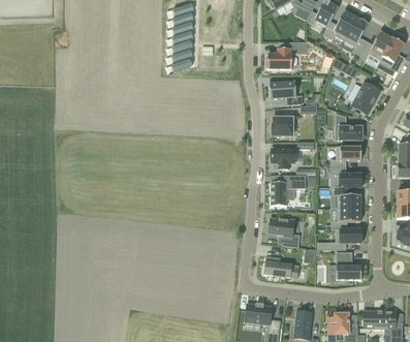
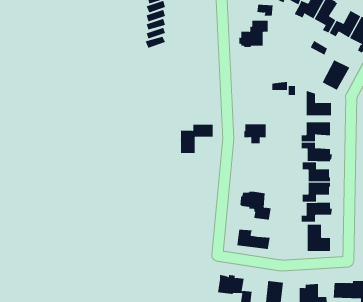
building: [270,81,303,104] -> none
building: [272,117,293,135] -> none
building: [271,175,306,205] -> [179,124,214,153]

